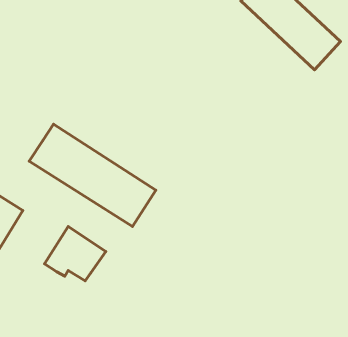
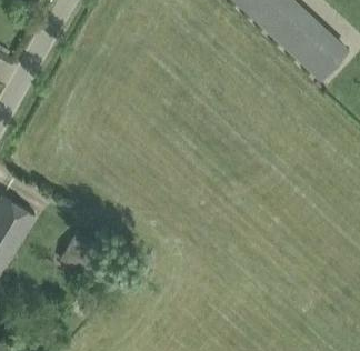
building: [29,124,156,227] -> none

